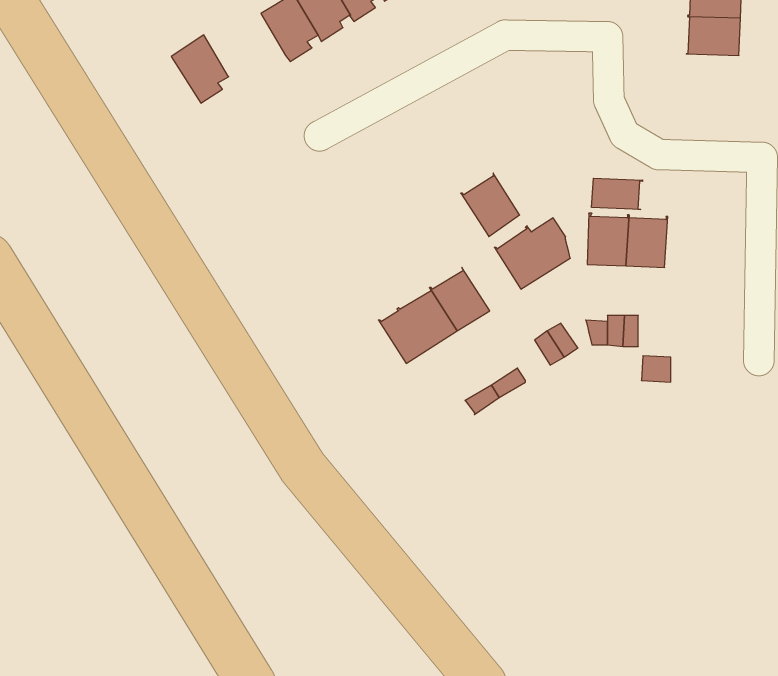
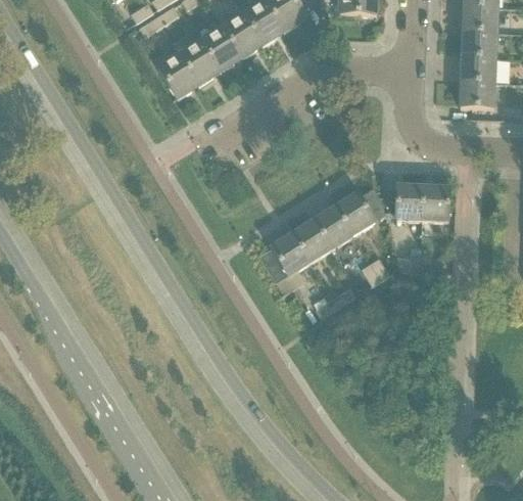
building: [171,35,229,103] -> [158,51,196,96]
building: none -> [460,78,495,105]
building: [461,173,520,237] -> [313,206,351,247]
building: [592,178,643,209] -> none

